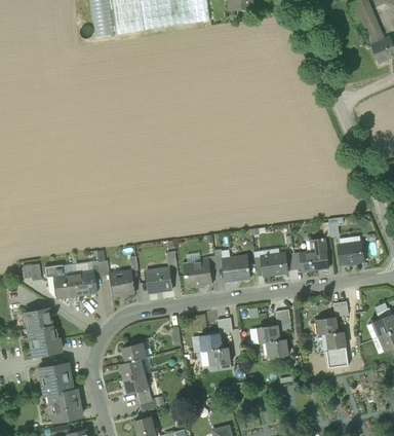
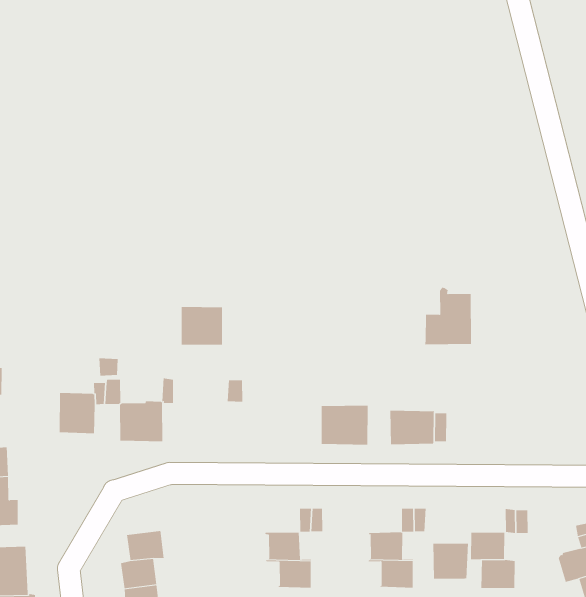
building: [300,237,328,270] -> [424,287,472,345]
building: [339,242,364,264] -> none
building: [184,256,212,287] -> none
building: [44,264,76,298] -> none
building: [146,267,172,292] -> [181,307,223,345]
building: none -> [433,543,468,580]

